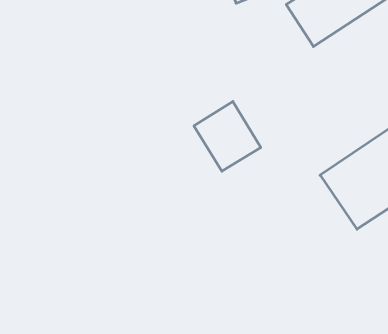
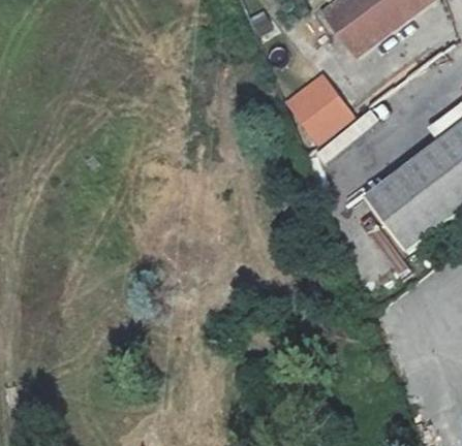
building: [194,101,261,171] -> [284,62,357,136]

